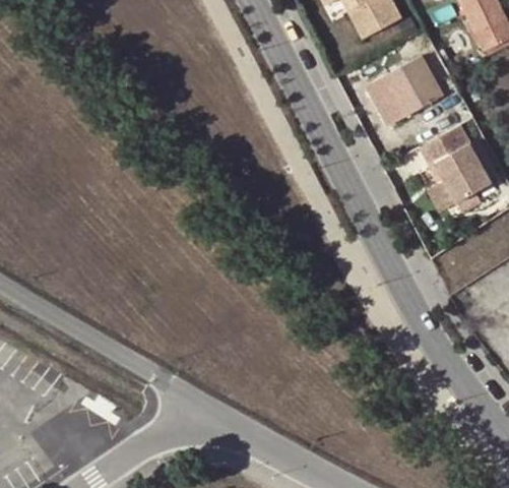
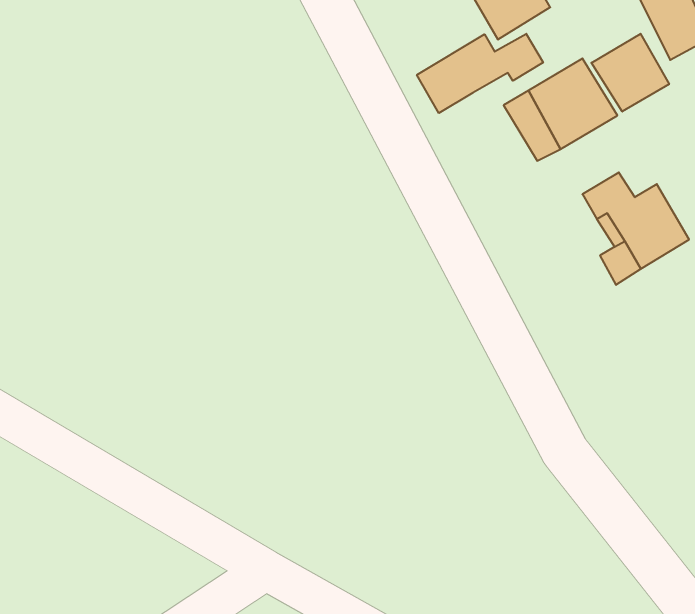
building: none -> [591,34,669,112]
building: none -> [417,34,543,113]

